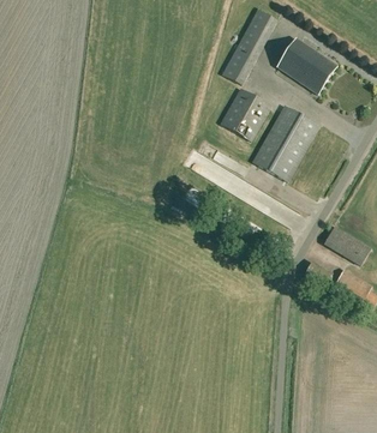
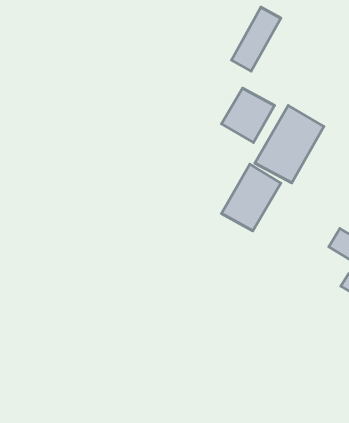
building: [276,38,336,94] -> none
building: none -> [222,164,281,231]

